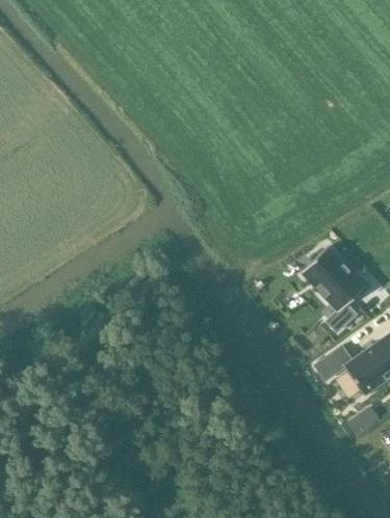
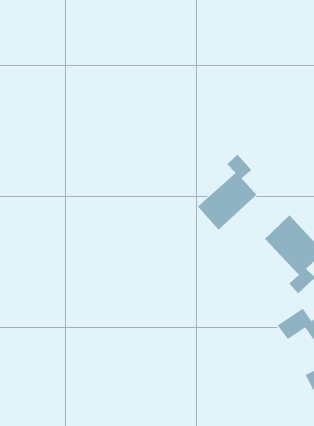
building: none -> [197,154,257,231]

